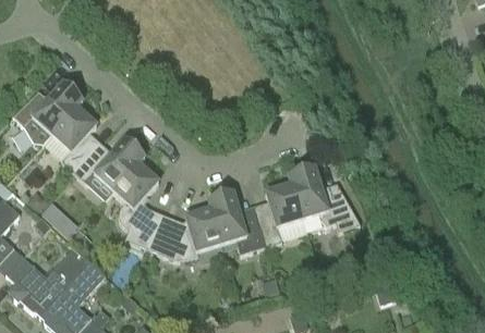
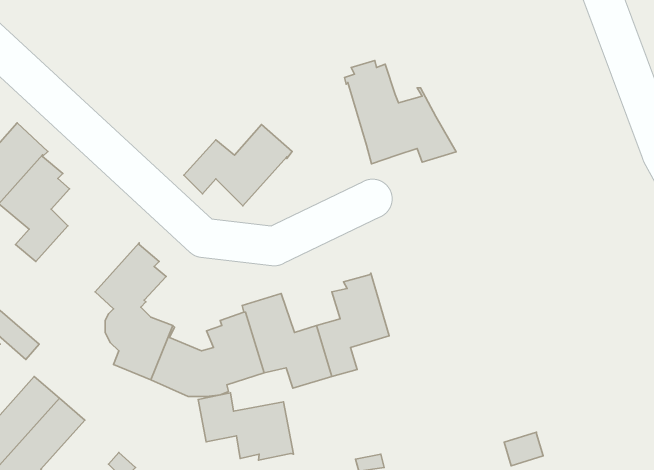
building: [74,139,144,192] -> [184,125,292,206]
building: [288,165,360,232] -> [344,61,456,164]
building: none -> [198,393,293,460]

